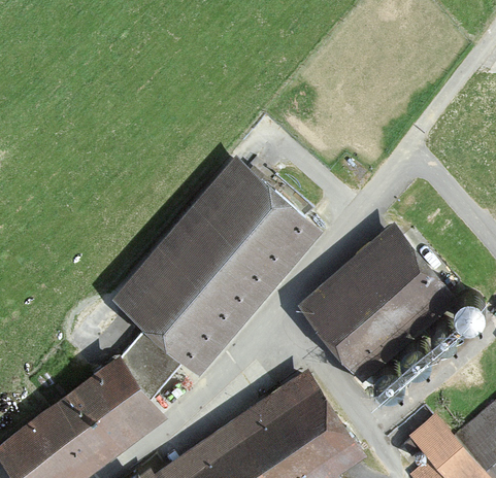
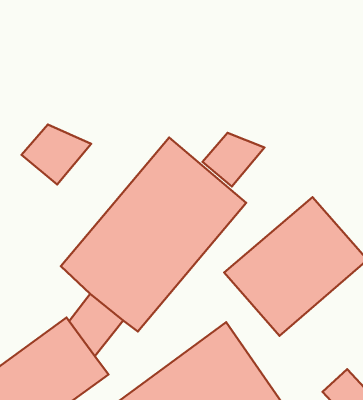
building: none -> [22,124,91,184]
building: none -> [202,133,265,186]

